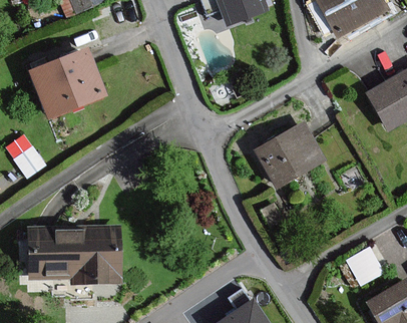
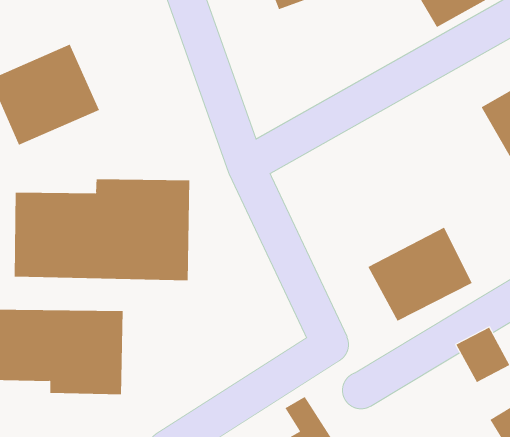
building: [253,122,324,187] -> [368,227,472,321]
building: none -> [14,178,190,281]

